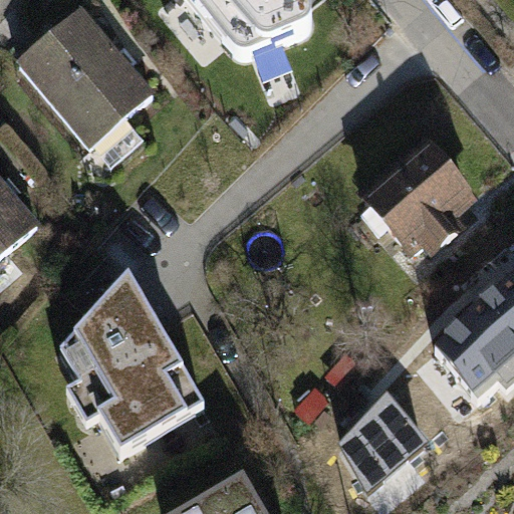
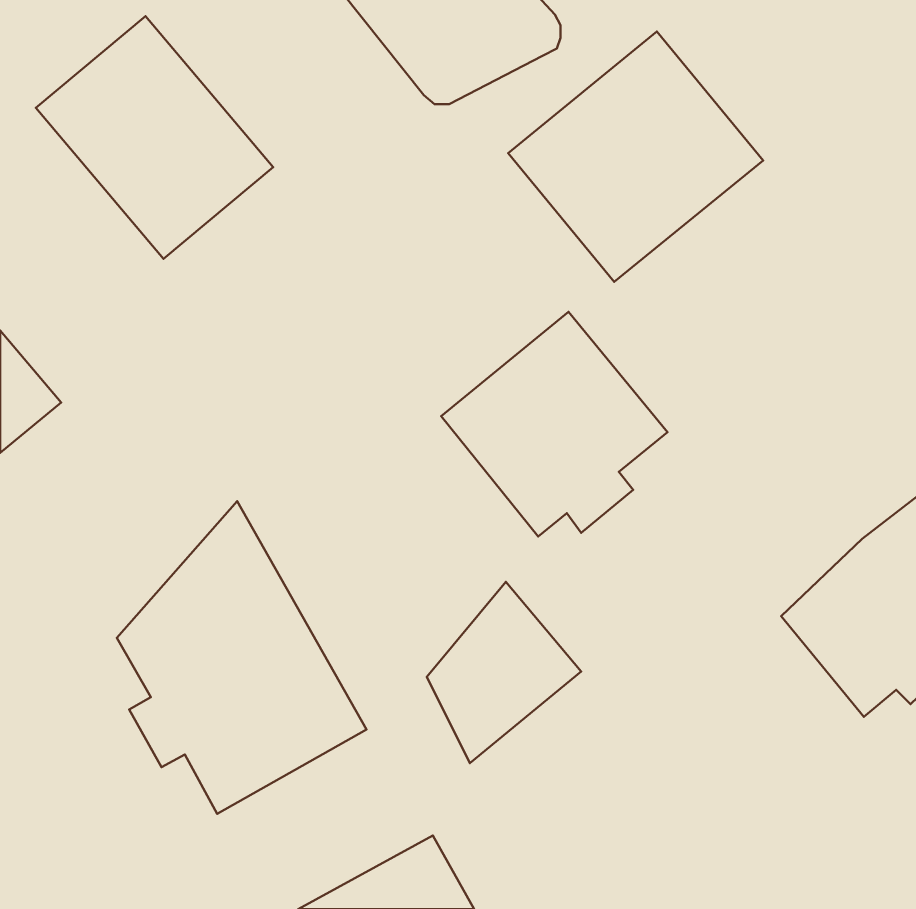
building: none -> [508,32,763,282]
building: [354,131,481,256] -> [441,312,667,536]
building: [341,390,428,491] -> [427,582,581,763]

